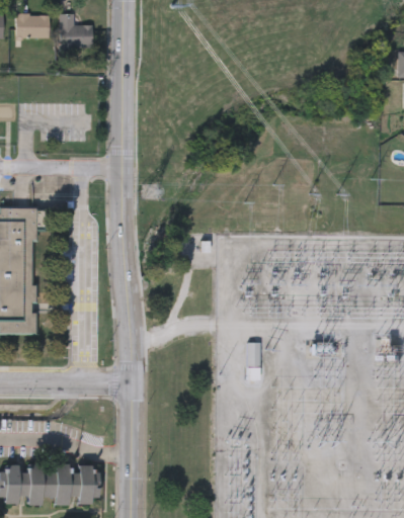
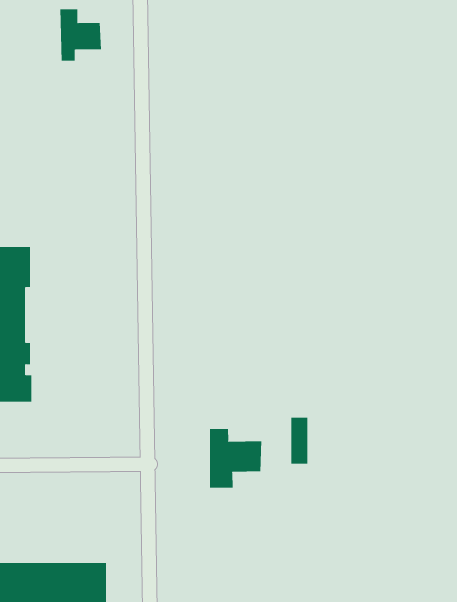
building: [15,14,50,37] -> none
building: none -> [210,428,262,489]

